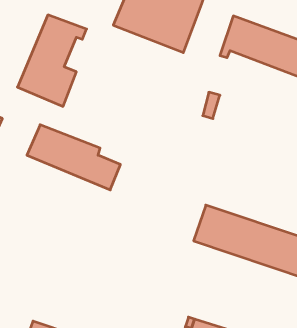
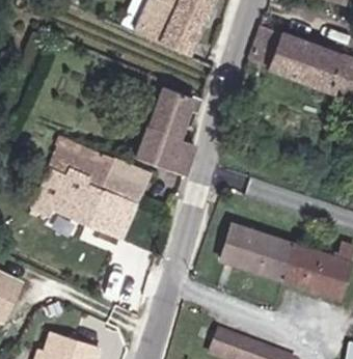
building: [17,15,87,106] -> [137,83,208,176]
building: none -> [32,167,136,238]

